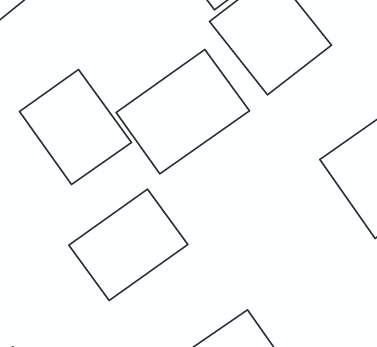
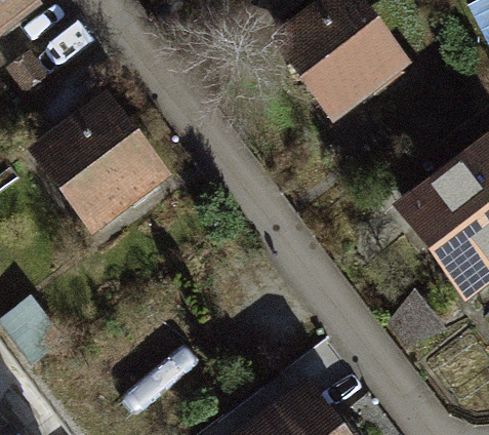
building: [116,49,249,174] -> none
building: [69,189,188,300] -> none

